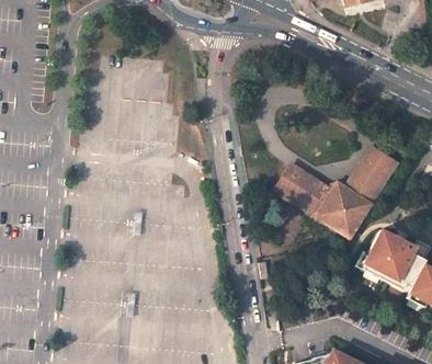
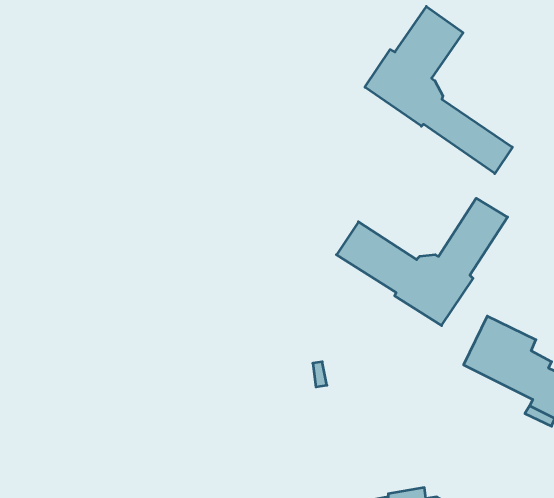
building: none -> [365,6,512,174]

